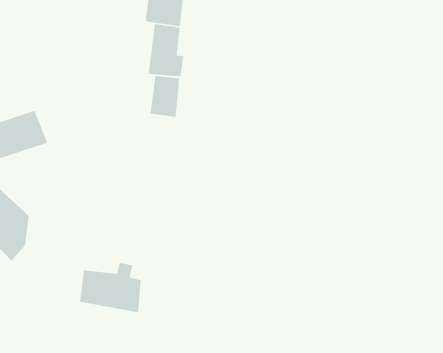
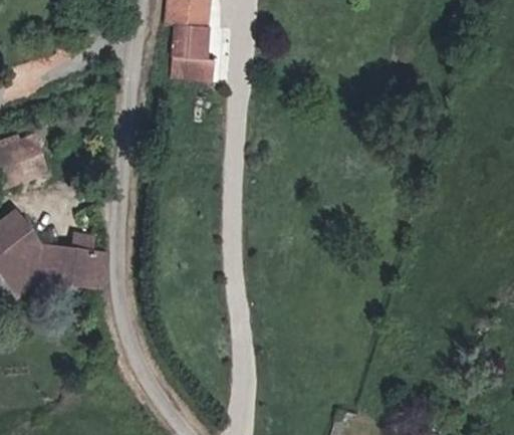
building: [150,75,180,117] -> none
building: [79,262,142,313] -> [38,233,105,288]

